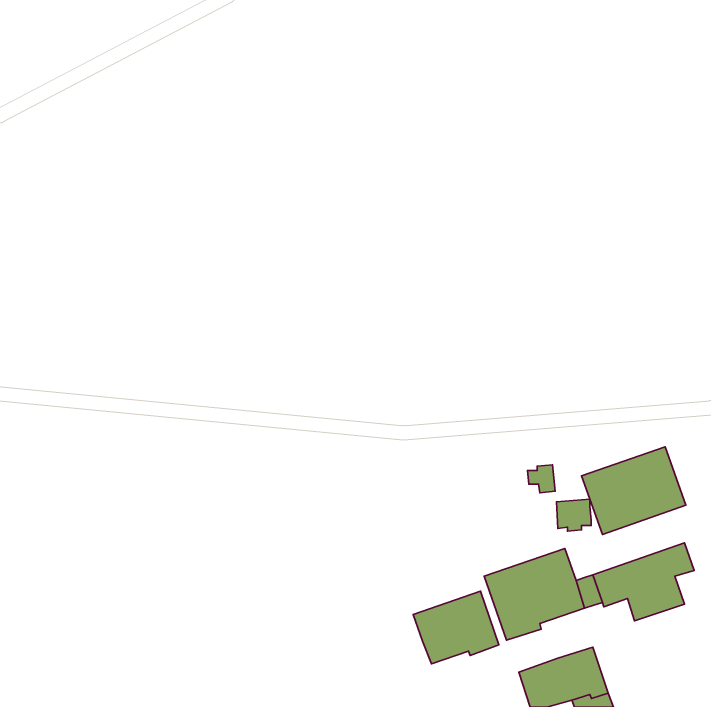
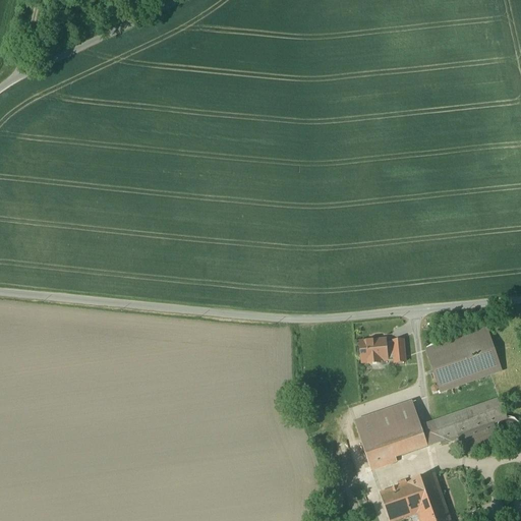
building: [557,499,591,531] -> [361,339,387,362]
building: [413,591,499,664] -> none

